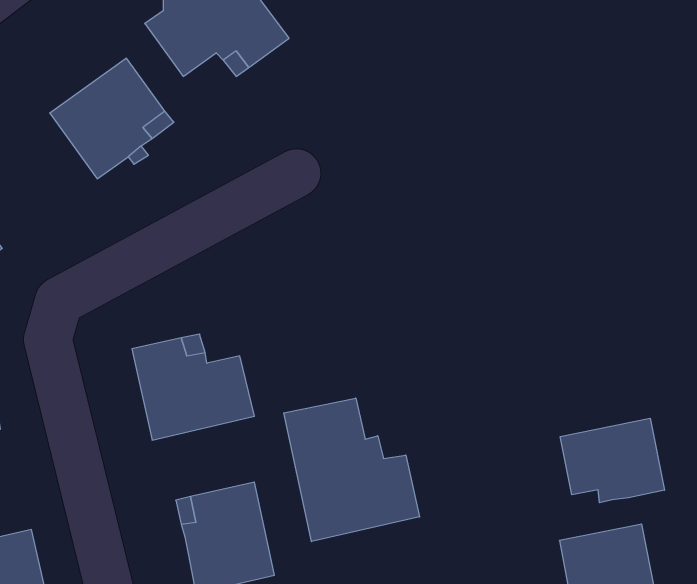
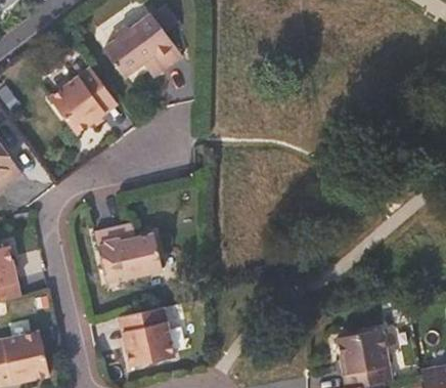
building: [284,398,420,542] -> none
building: [560,418,664,503] -> none

